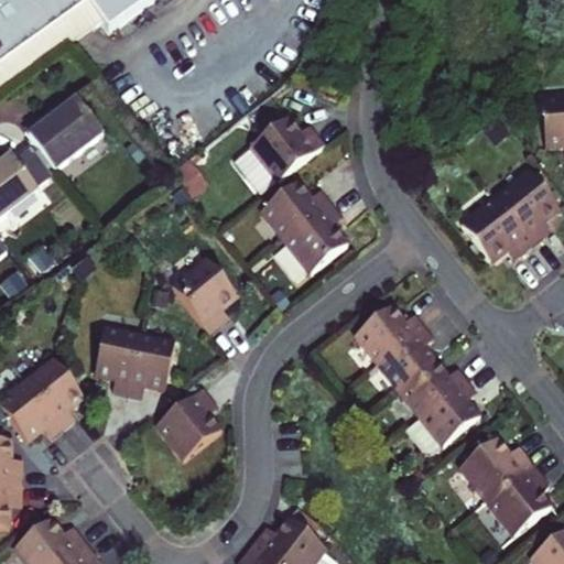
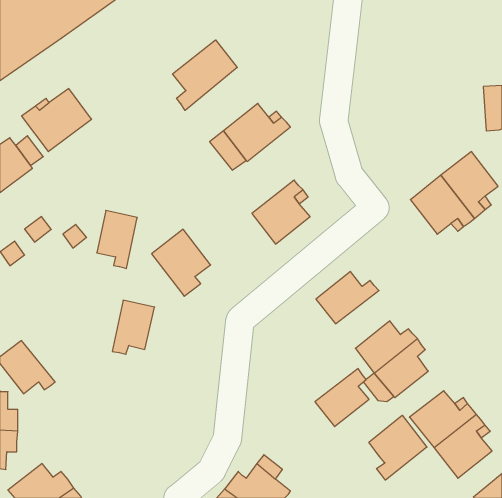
building: none -> [173,40,237,110]
building: [260,181,329,239] -> none
building: [376,325,436,390] -> [315,369,369,427]
building: [93,328,138,393] -> [97,210,137,269]
building: [24,359,83,427] -> none
building: [156,386,223,458] -> none
building: none -> [369,415,427,480]

